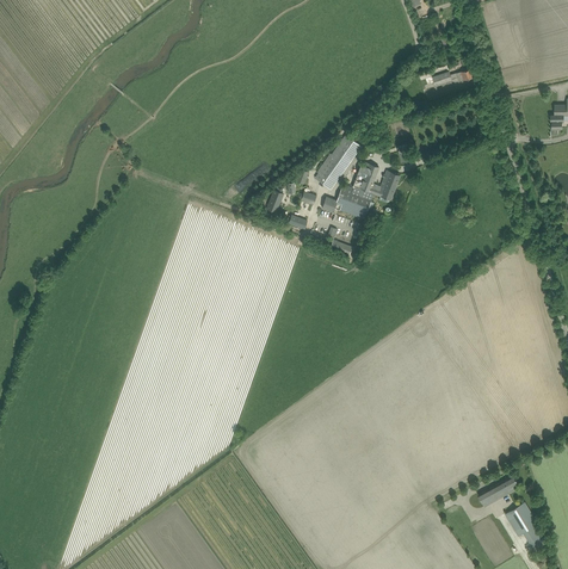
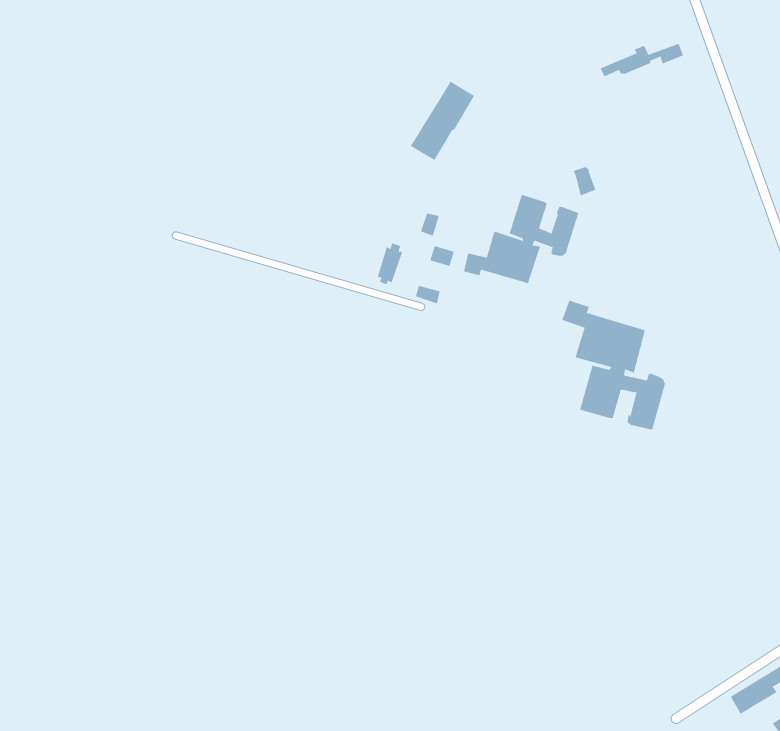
building: [314,138,358,190] -> [410,81,475,161]
building: none -> [562,300,666,430]

